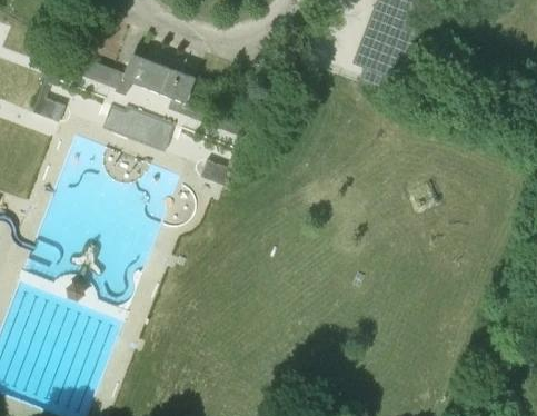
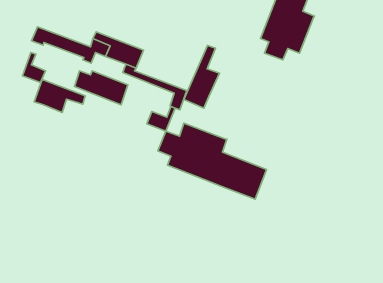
building: none -> [184,46,220,108]
building: none -> [34,80,85,113]
building: none -> [158,123,267,199]

